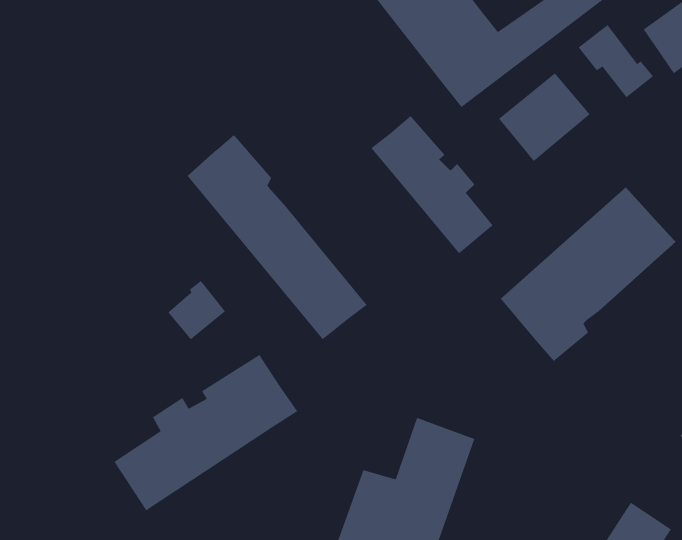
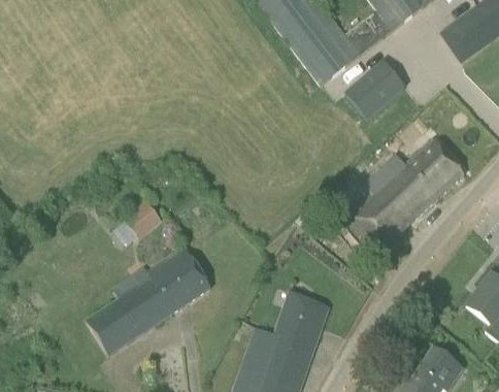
building: [578,24,654,98] -> none
building: [370,115,493,254] -> none
building: [187,134,367,340] -> none

